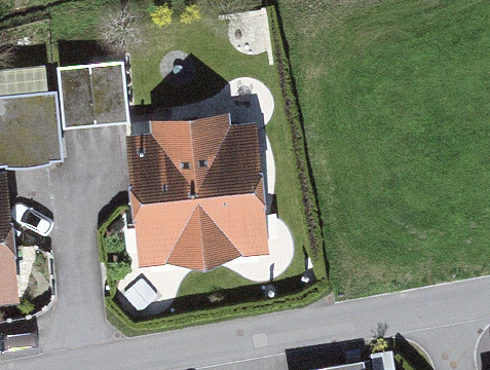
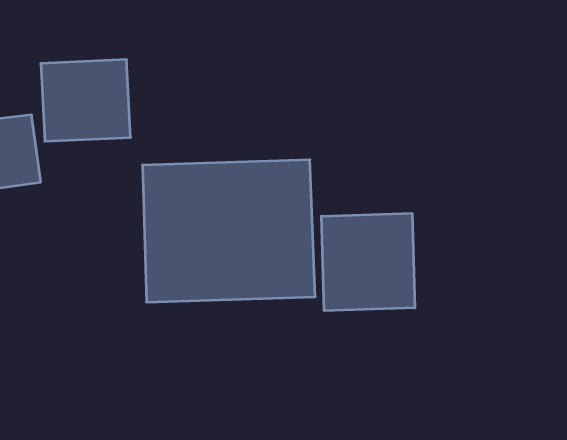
building: none -> [322,213,415,311]

